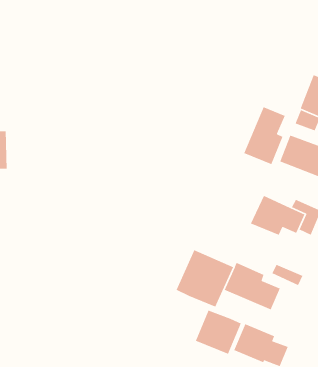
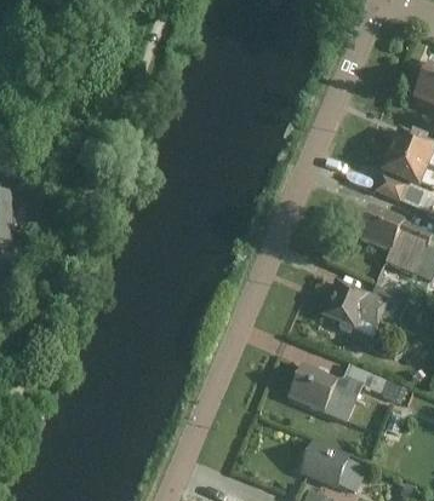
building: [243,106,286,165] -> none
building: [175,249,234,308] -> none
building: [195,309,242,355] -> none

